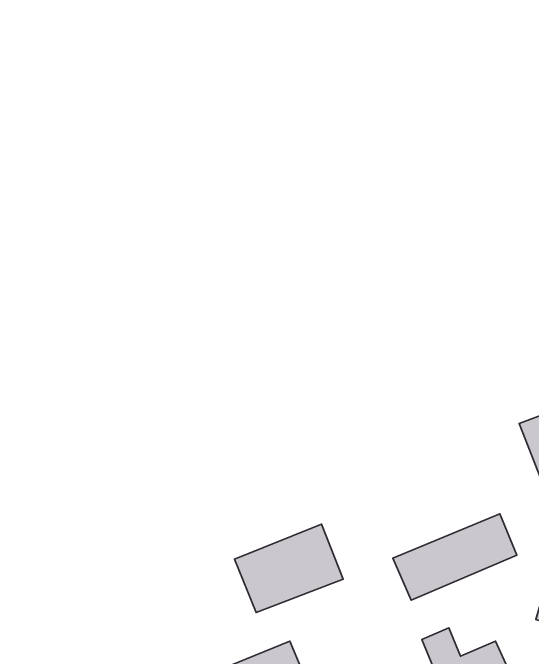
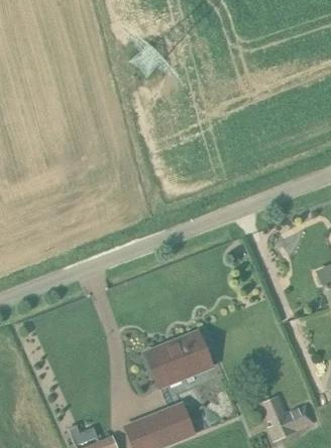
building: [393,514,517,600] -> none

